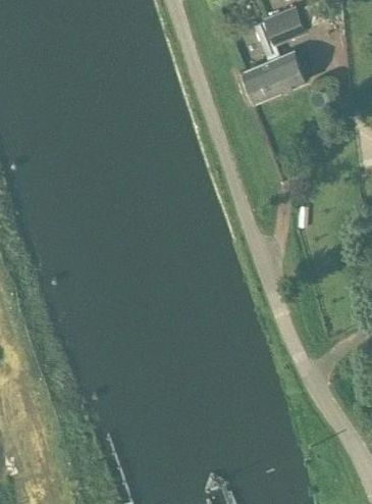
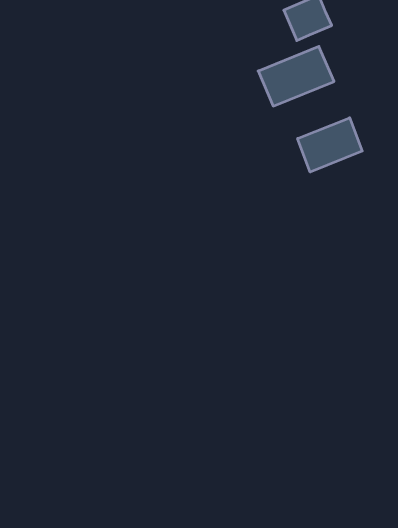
building: none -> [298,118,362,172]

